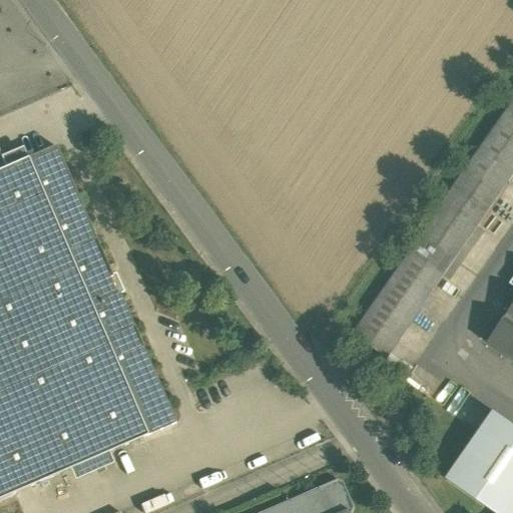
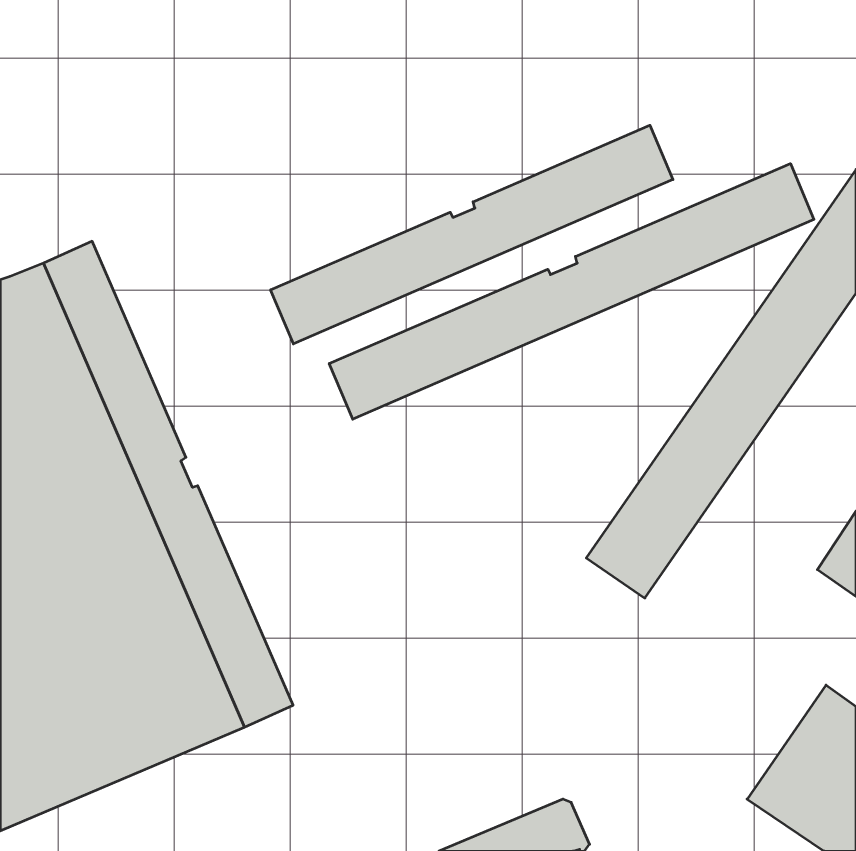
building: none -> [271,125,673,344]
building: none -> [329,164,814,419]

